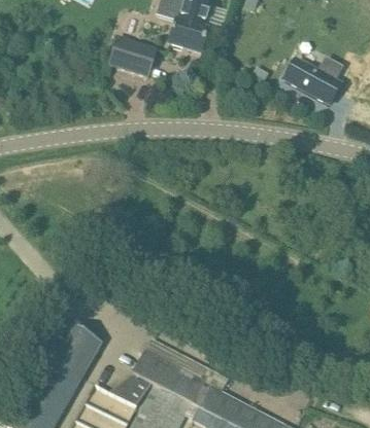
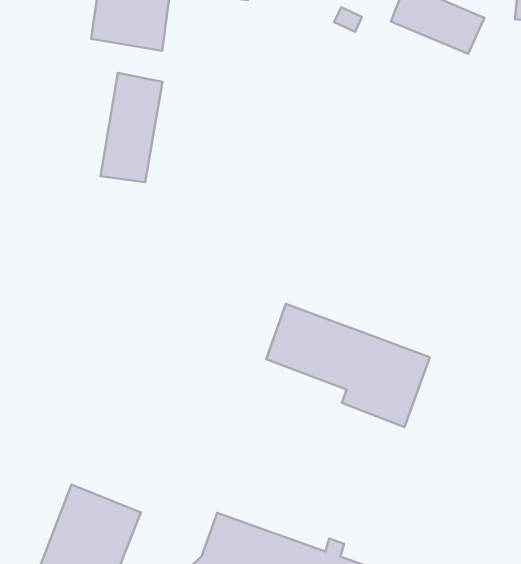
building: none -> [101,73,163,182]
building: none -> [266,304,430,427]

